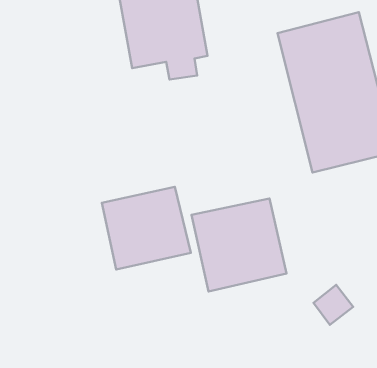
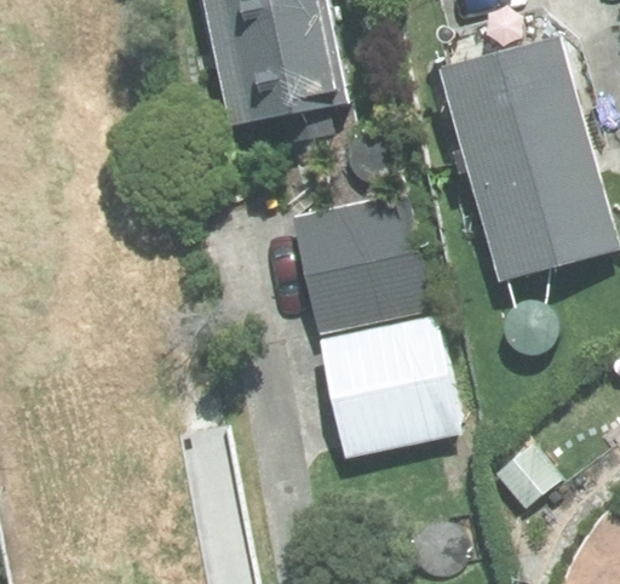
building: none -> [294,196,429,332]
building: [102,187,191,270] -> none

